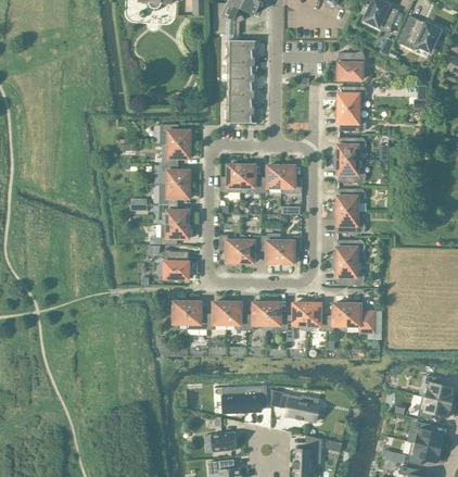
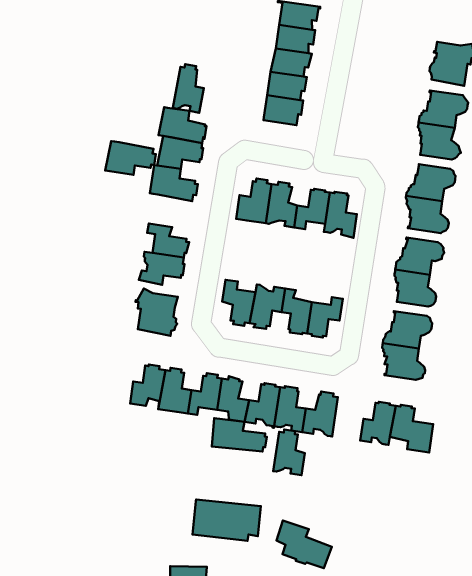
building: none -> [173,64,204,113]
building: [158,184,191,204] -> [105,141,156,175]
building: [307,301,327,330] -> [273,429,305,475]
building: none -> [212,418,267,451]

